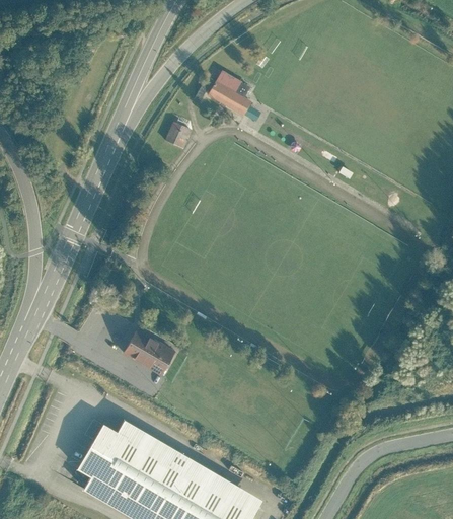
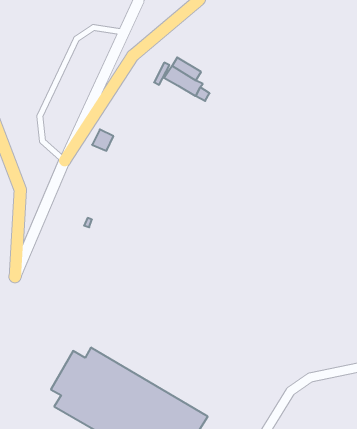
building: [164,124,190,149] -> [92,129,113,151]
building: [125,331,176,377] -> none

